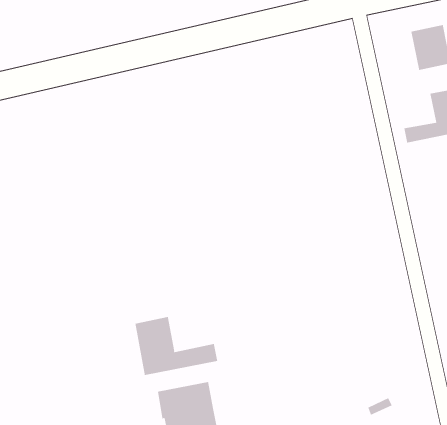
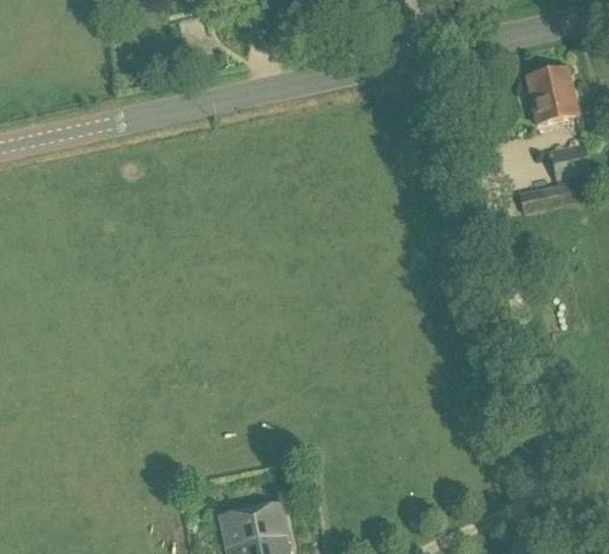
building: [135,316,218,376] -> none

